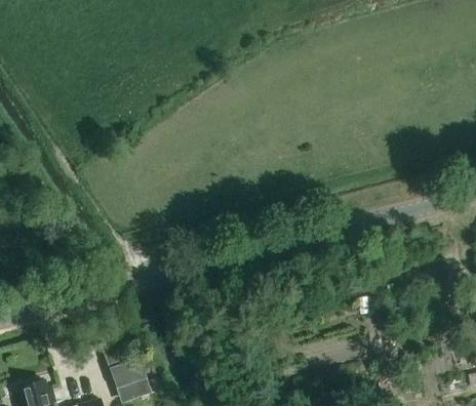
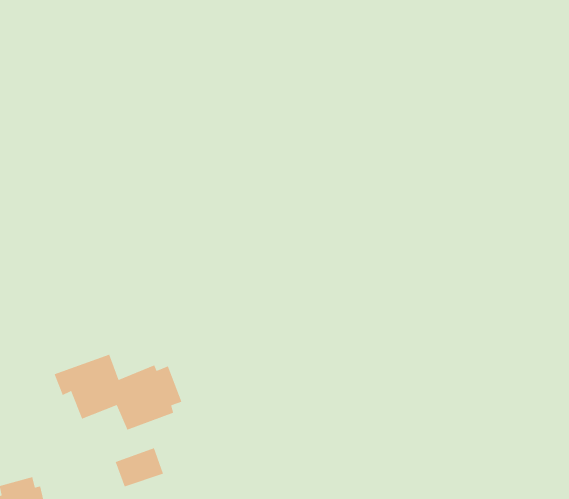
building: none -> [54,354,182,430]

